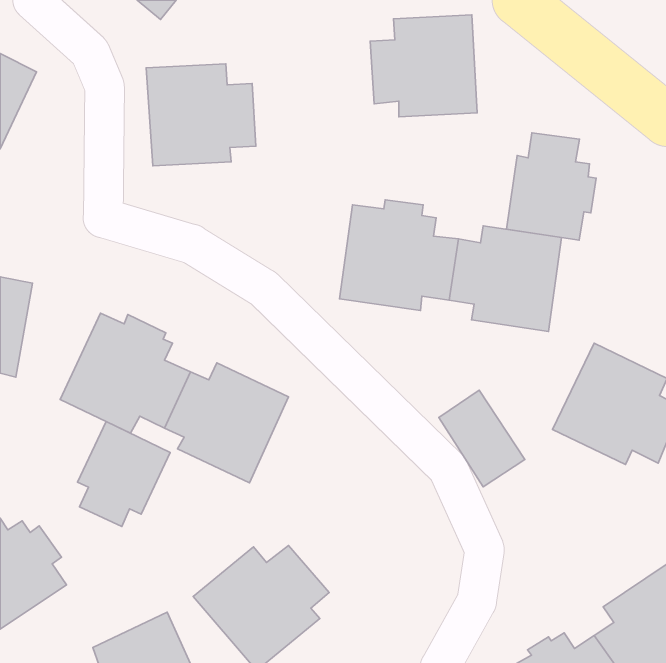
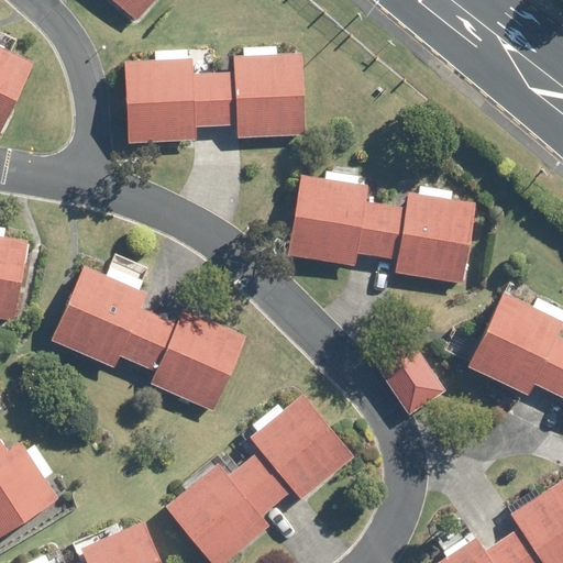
building: [370,15,477,117] -> [213,52,303,137]
building: [507,133,596,240] -> none
building: [78,421,170,527] -> none
building: none -> [244,394,353,503]

